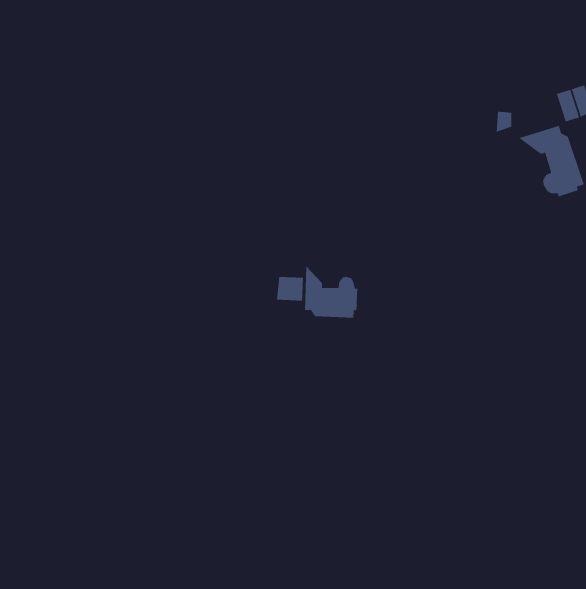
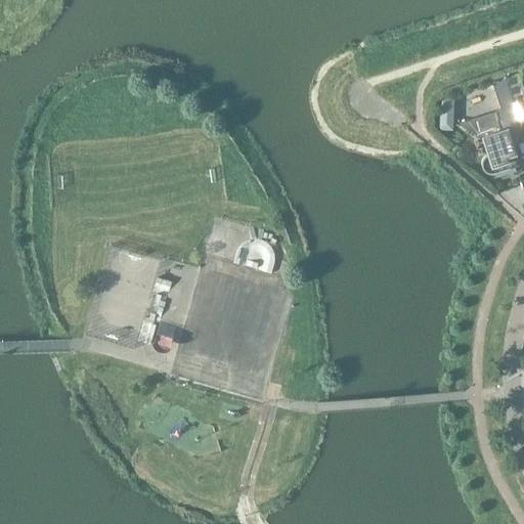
building: [304,266,358,319] -> none

